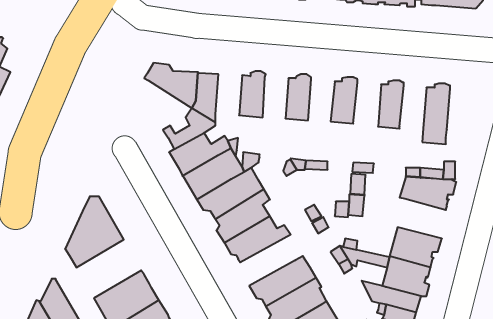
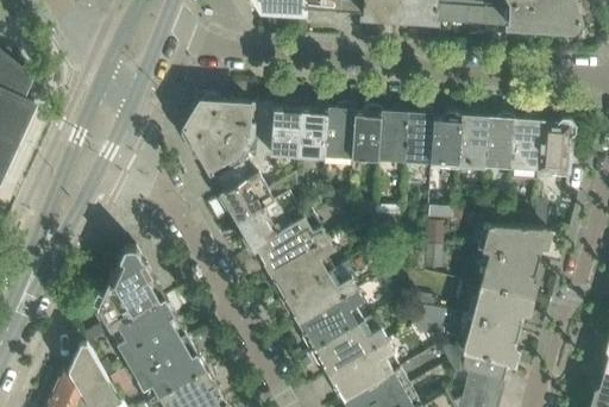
building: none -> [271,104,302,156]
building: none -> [326,106,356,159]
building: none -> [378,109,409,163]
building: none -> [178,113,244,173]
building: none -> [431,113,463,169]
building: none -> [484,117,516,171]
building: none -> [538,120,577,183]
building: none -> [482,252,538,299]
building: none -> [300,294,364,353]
building: none -> [111,300,186,368]

